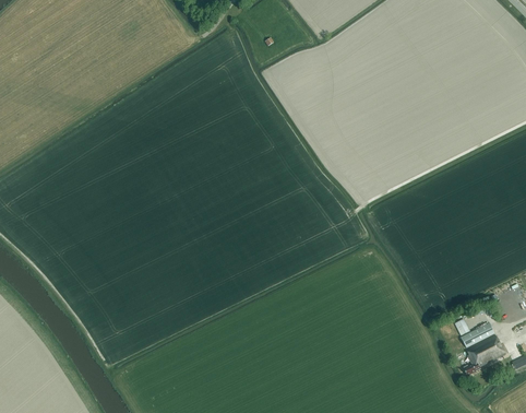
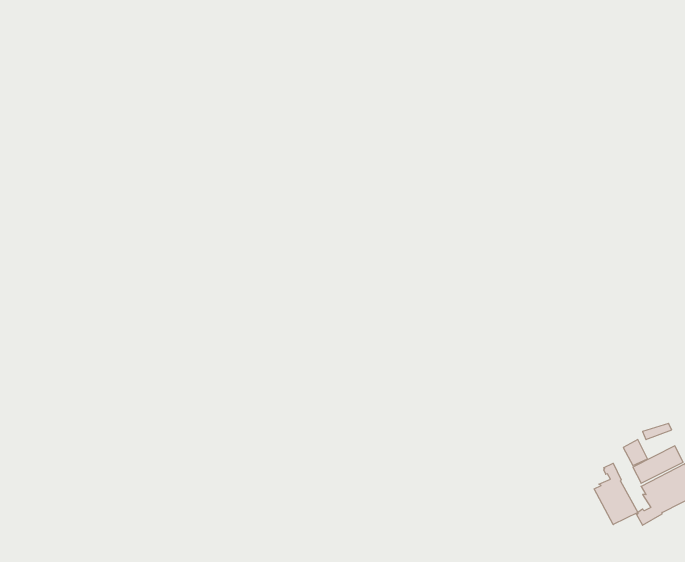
building: none -> [594,463,638,525]

